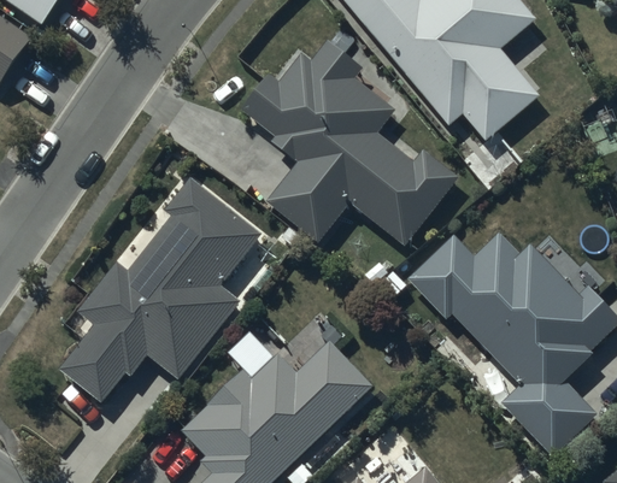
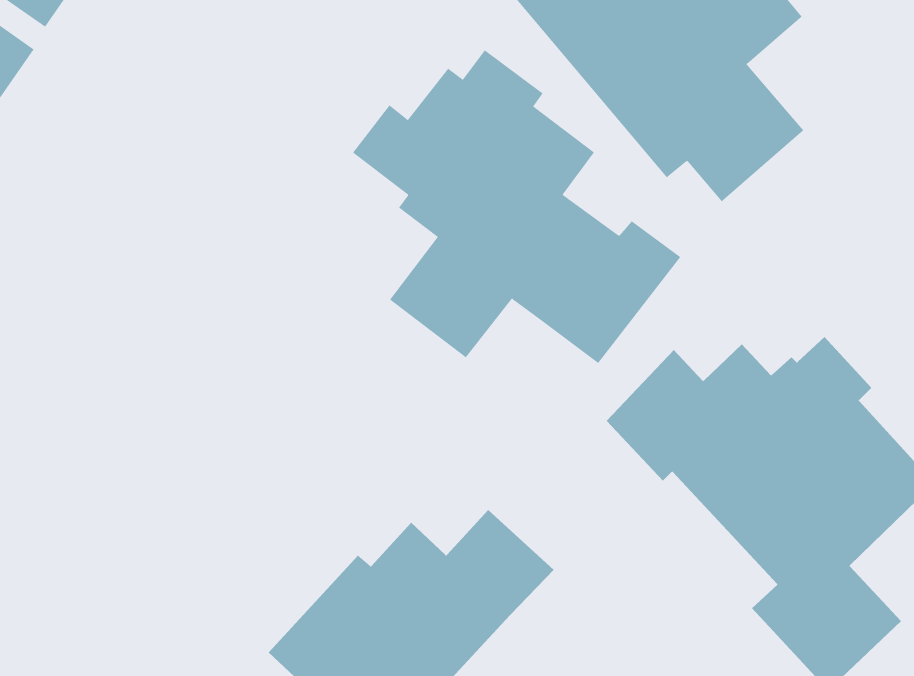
building: [59,181,258,400] -> none

